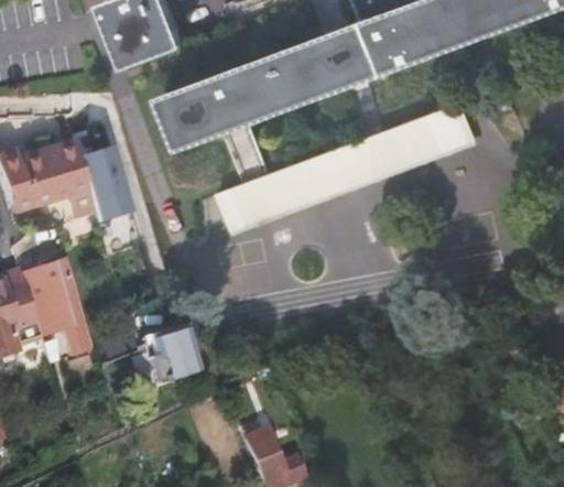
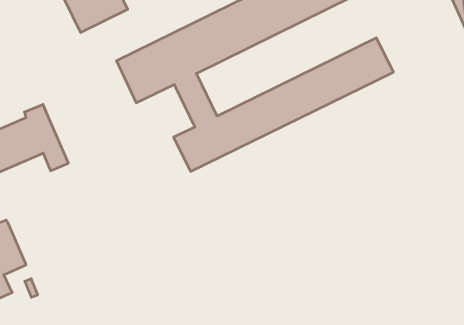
building: [78,143,132,220] -> none
building: [21,259,95,353] -> none
building: [141,327,195,377] -> none

